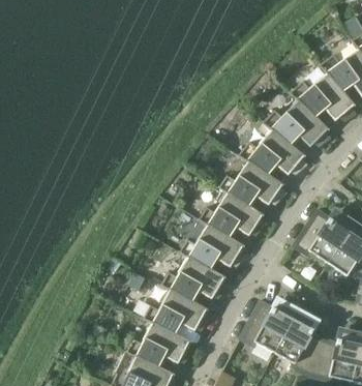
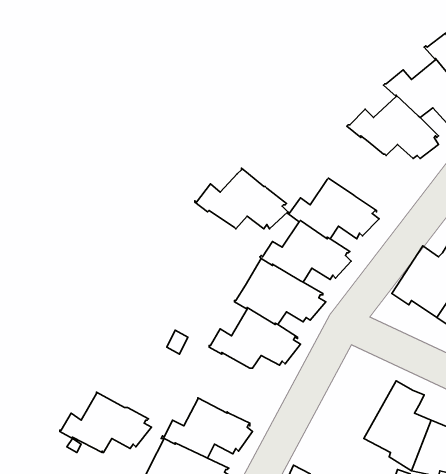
building: [239,129,307,174] -> [195,168,288,229]
building: [144,289,211,333] -> [60,392,151,453]
building: [242,298,299,352] -> none

